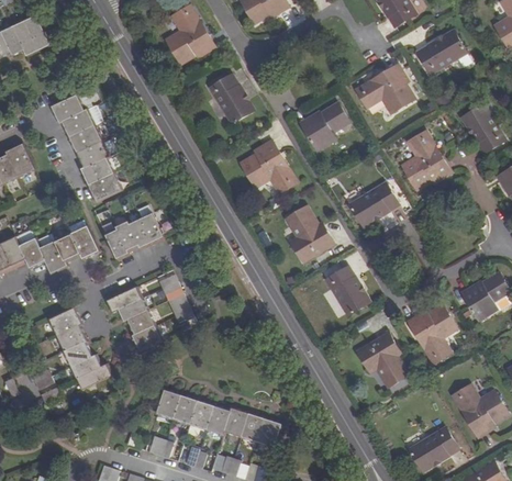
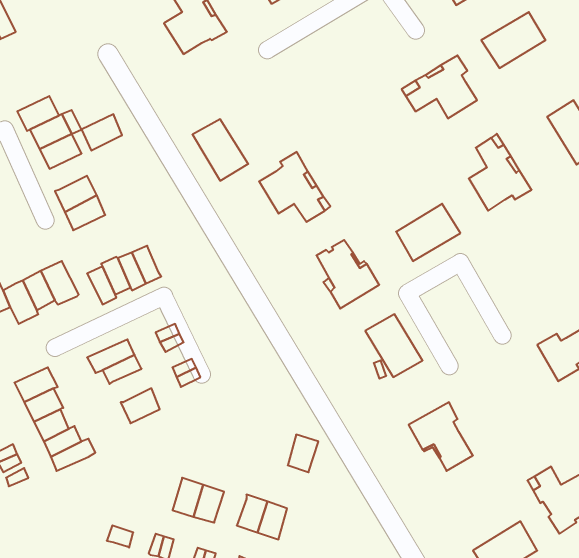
building: [210,74,254,122] -> [192,119,248,181]
building: [300,101,349,149] -> none
building: [76,139,108,168] -> [82,114,122,151]
building: [407,304,456,361] -> none
building: [126,309,156,335] -> none
building: [157,390,180,420] -> none
building: [205,405,231,435] -> none
building: [256,418,280,448] -> [288,435,318,472]

